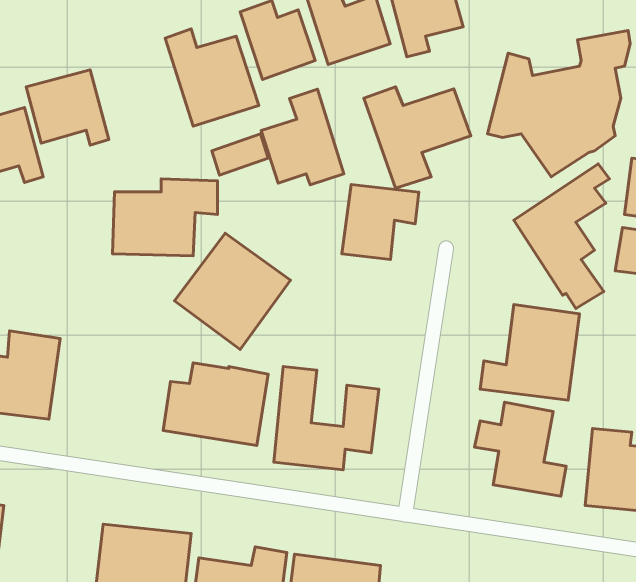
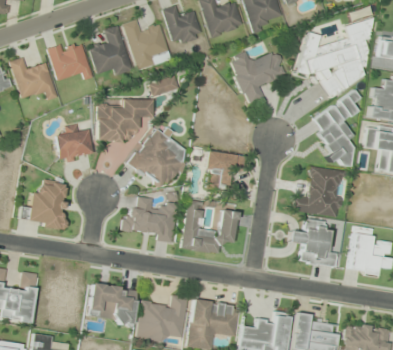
building: [261,89,344,185] -> [90,25,134,76]
building: [342,185,419,260] -> [205,151,246,191]
building: none -> [56,125,92,159]

